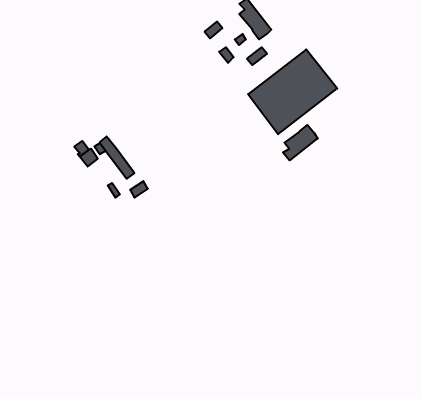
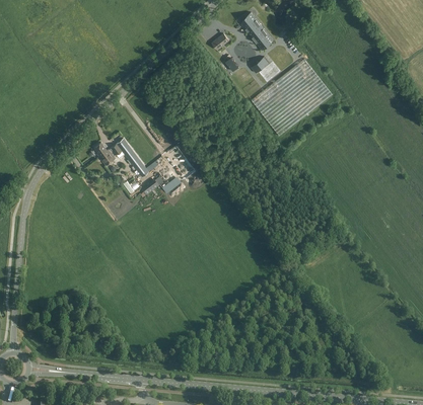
building: [283,125,318,160] -> none

